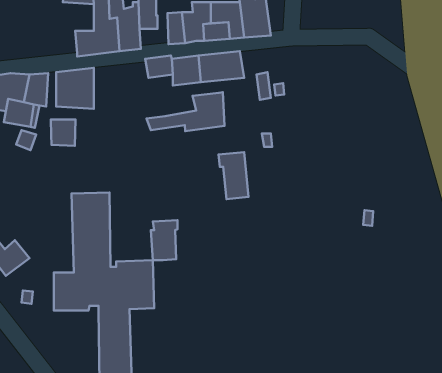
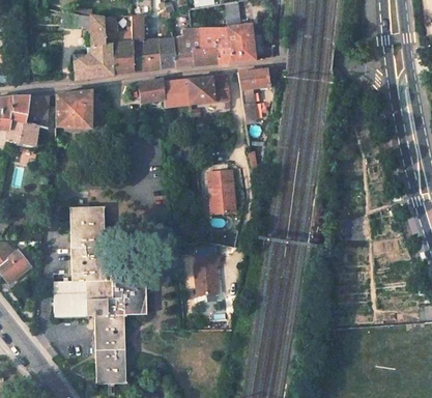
building: none -> [134,39,161,73]
building: none -> [239,68,269,90]
building: [147,92,225,131] -> none
building: [51,119,75,146] -> none
building: [151,220,177,260] -> [194,255,219,292]

